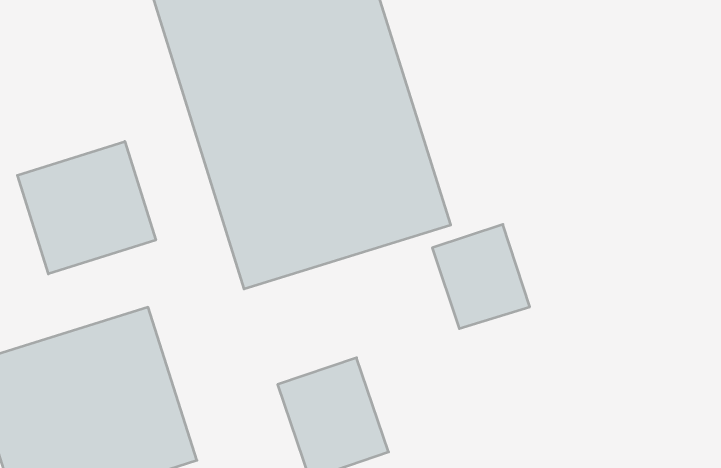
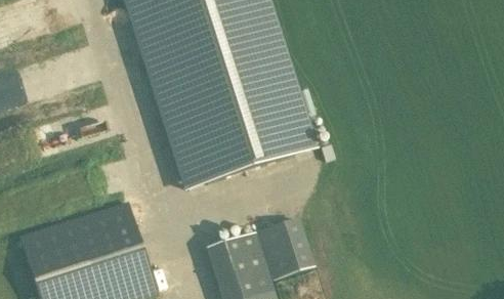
building: [17,141,156,274] -> none
building: [432,224,530,329] -> [256,215,316,279]

